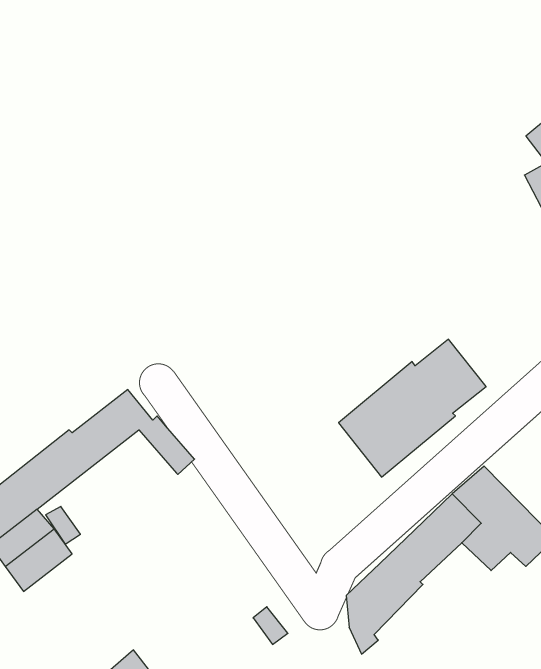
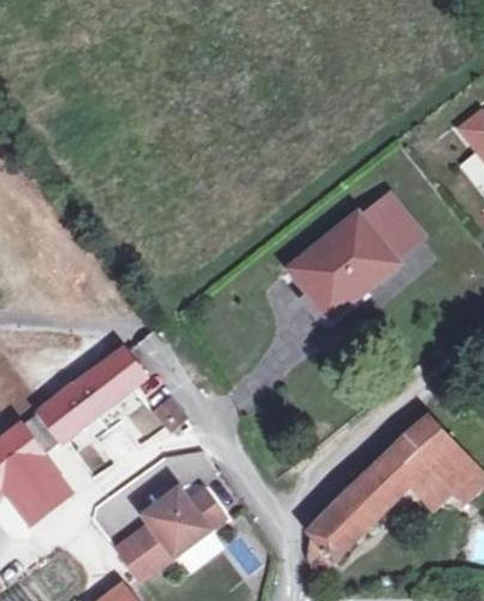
building: [339,339,486,477] -> [293,196,420,316]
building: none -> [132,490,223,568]

